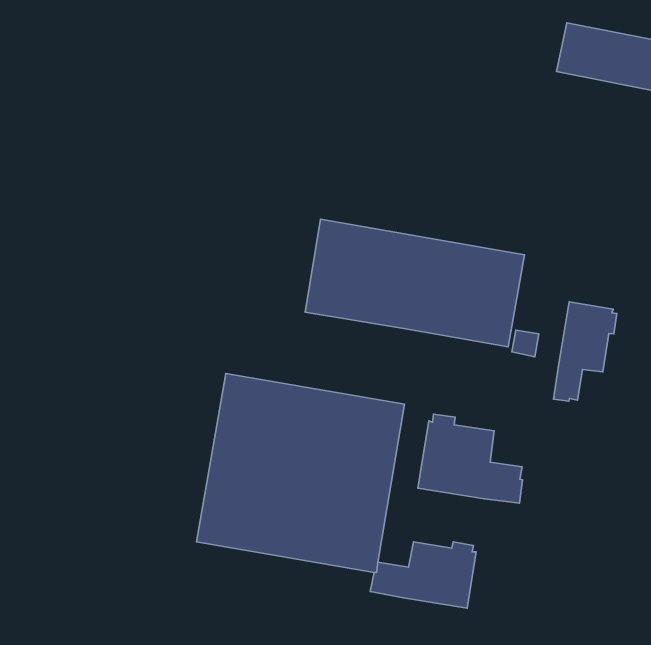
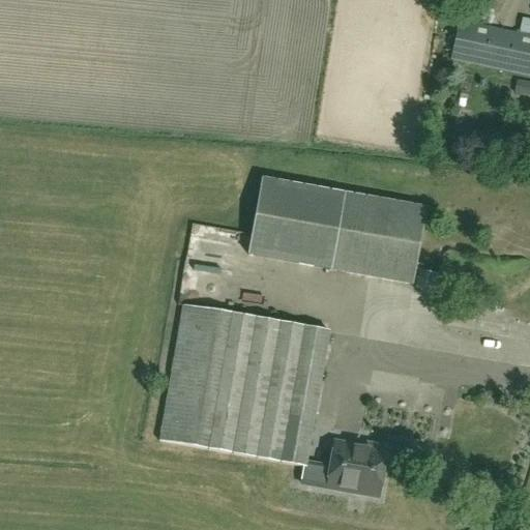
building: [554,302,617,401] -> none
building: [418,414,522,503] -> none

